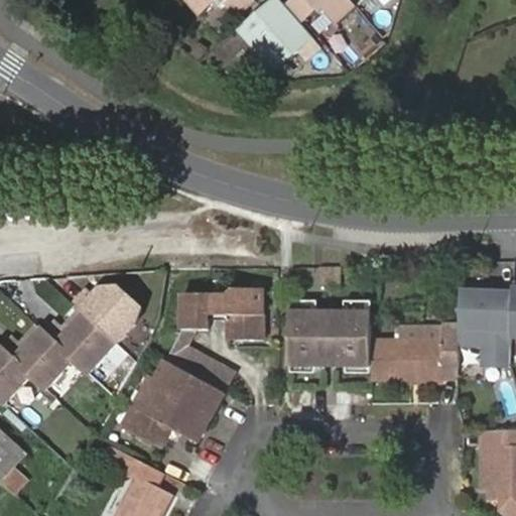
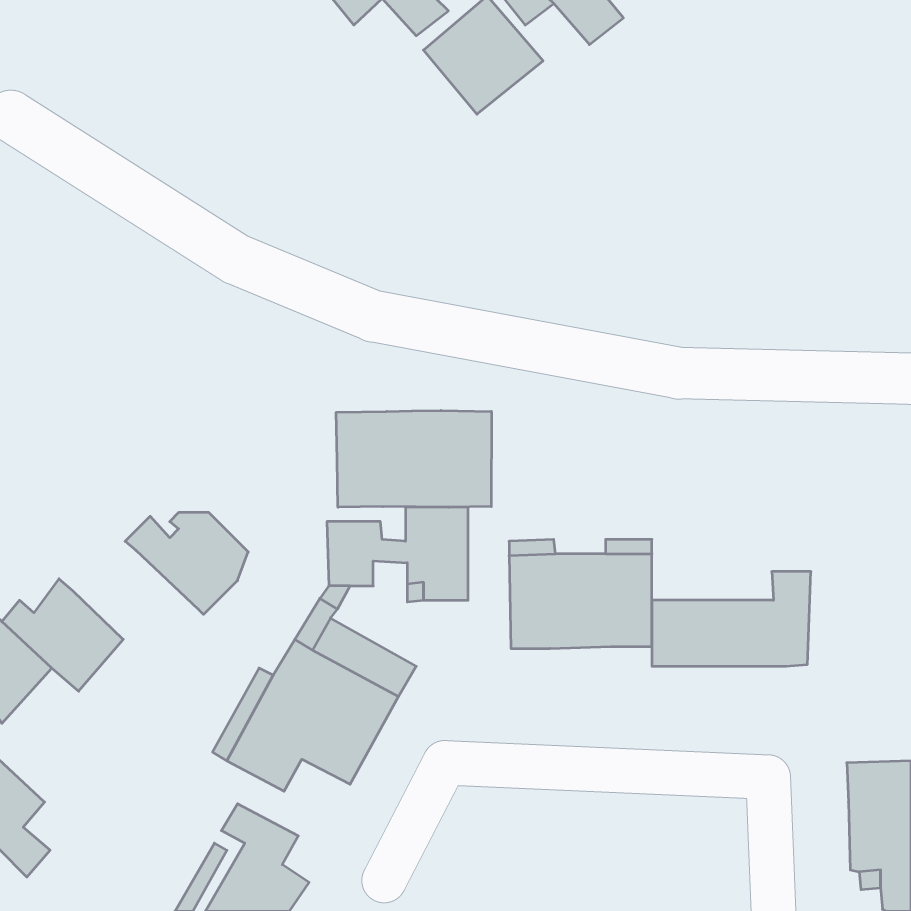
building: none -> [336,410,491,507]
building: [457,286,508,366] -> none
building: [41,310,112,375] -> none

